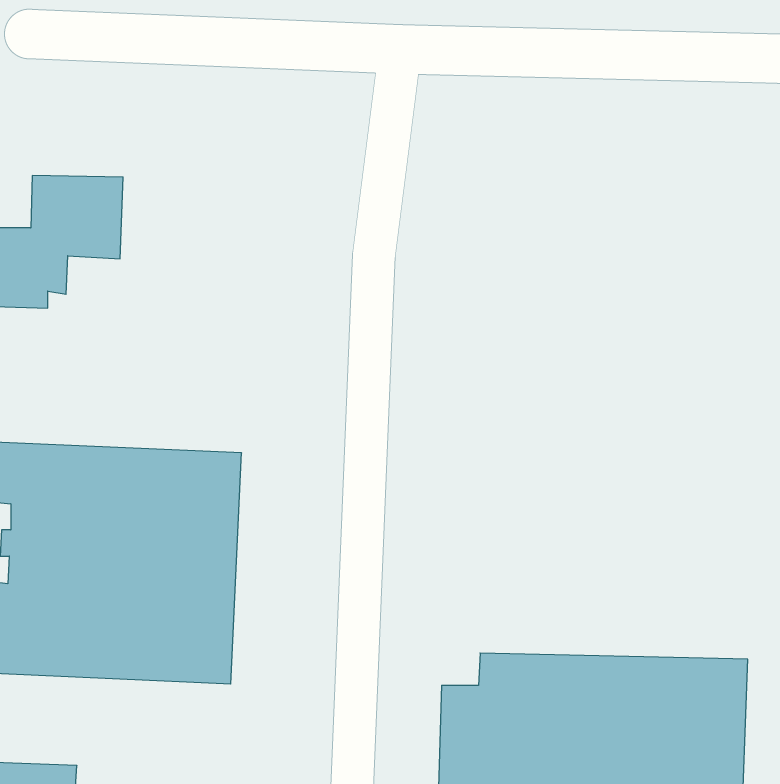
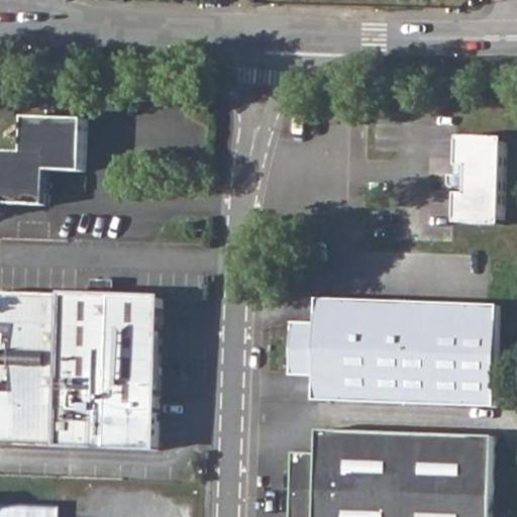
building: none -> [445,133,500,220]
building: none -> [287,295,496,407]

